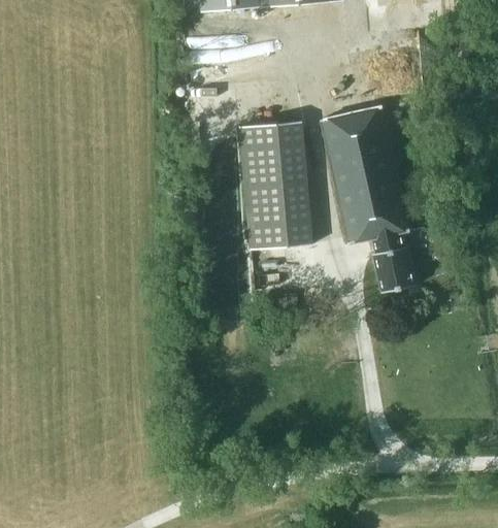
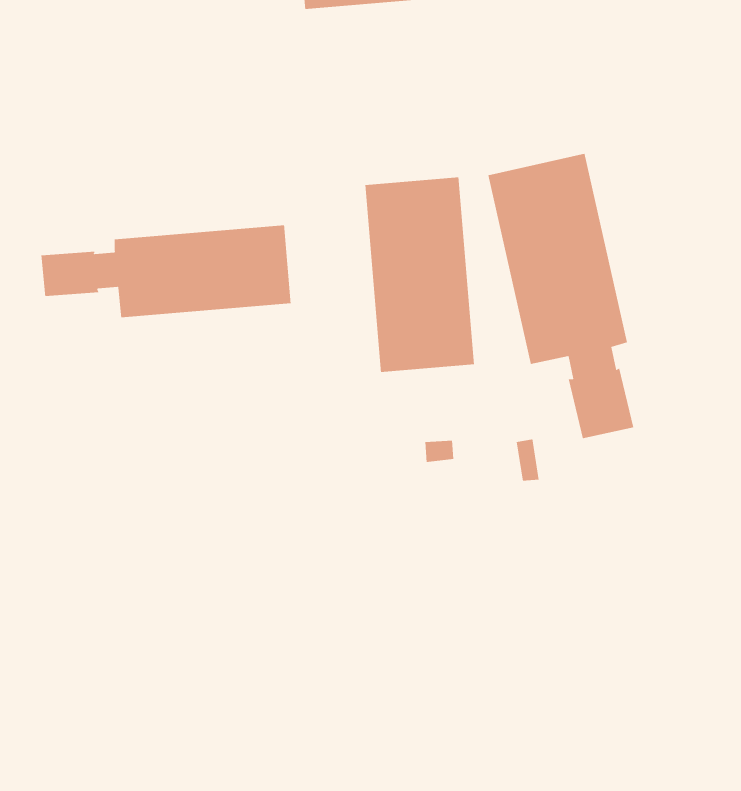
building: none -> [41,224,291,318]

